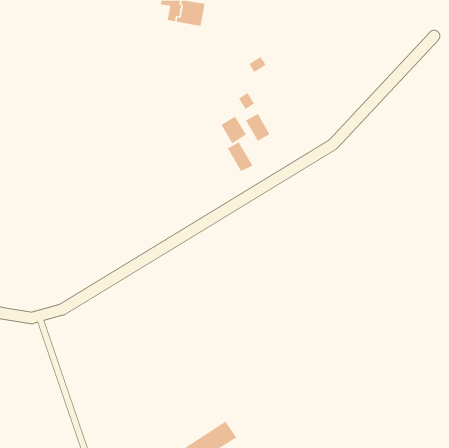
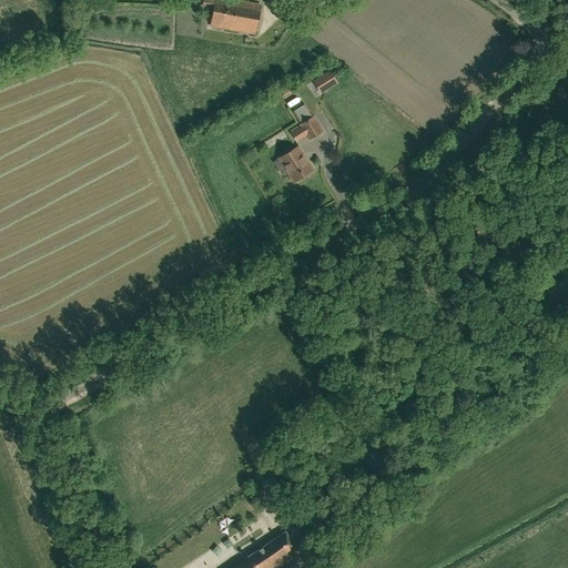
building: [245,113,270,142] -> none
building: [227,141,253,172] -> none

